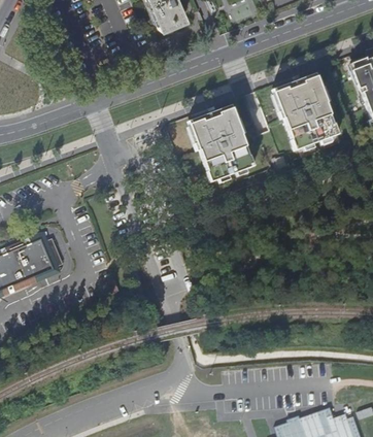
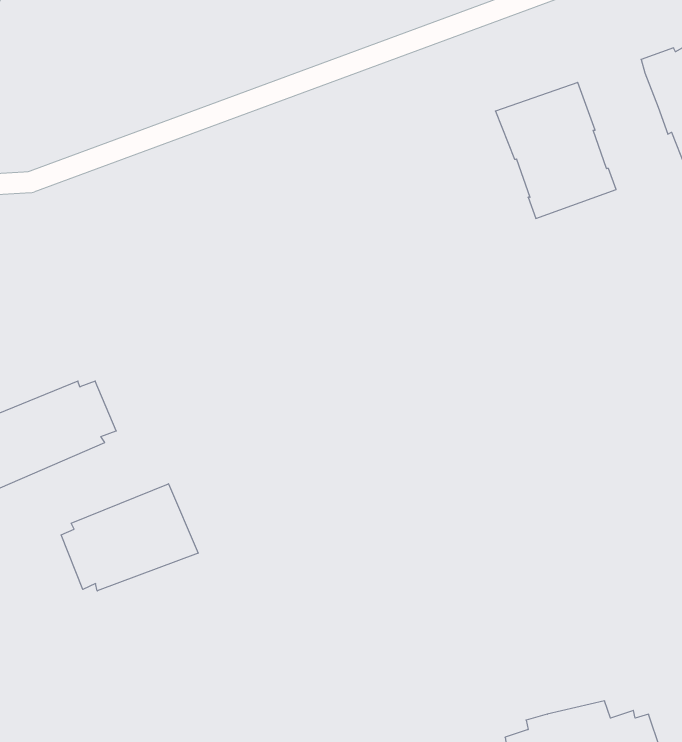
building: [186,106,250,179] -> none
building: none -> [61,484,198,591]

